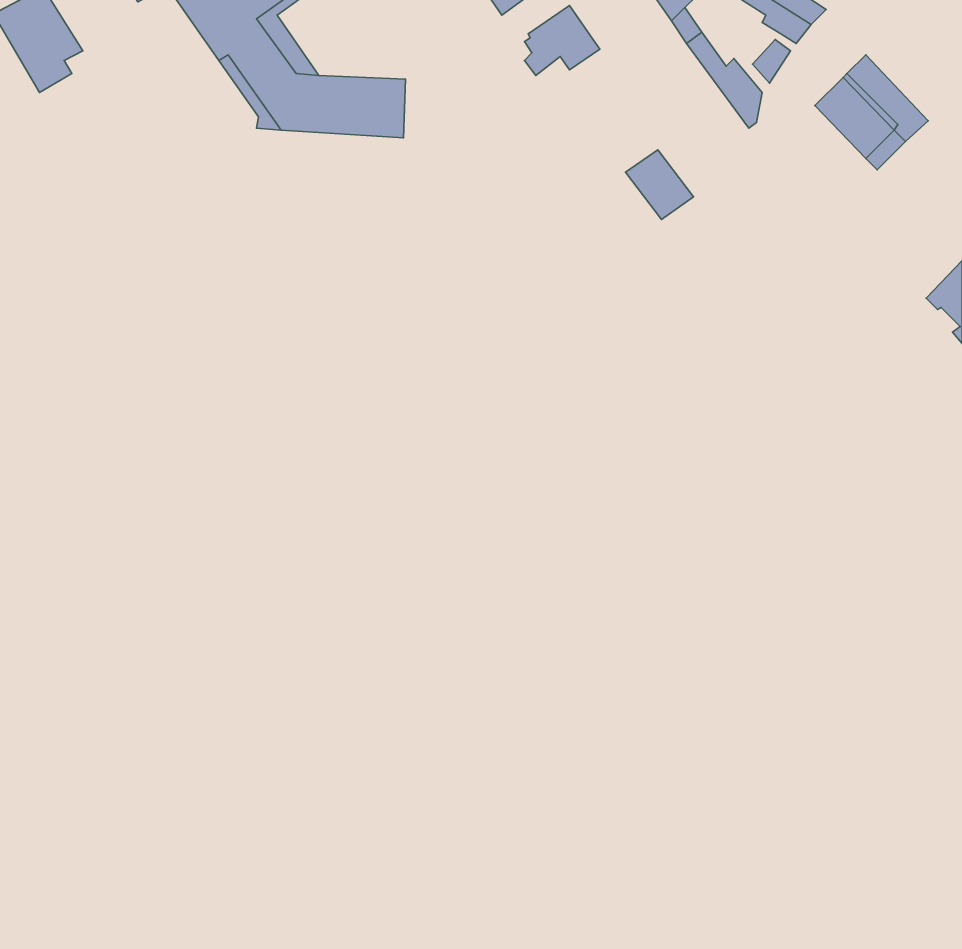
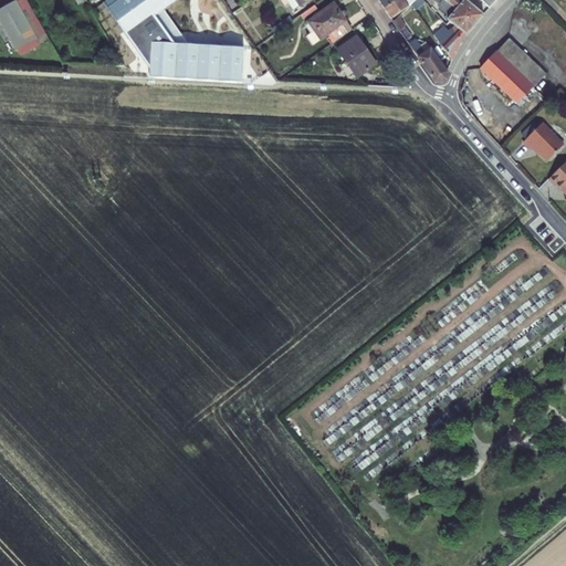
building: [626,150,694,219] -> [338,35,378,76]
building: none -> [513,124,555,160]

